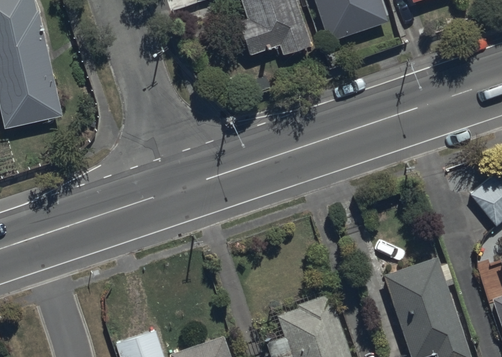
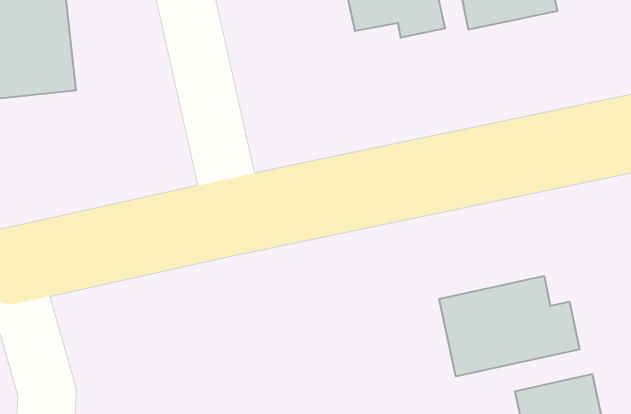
building: none -> [439,276,580,376]

